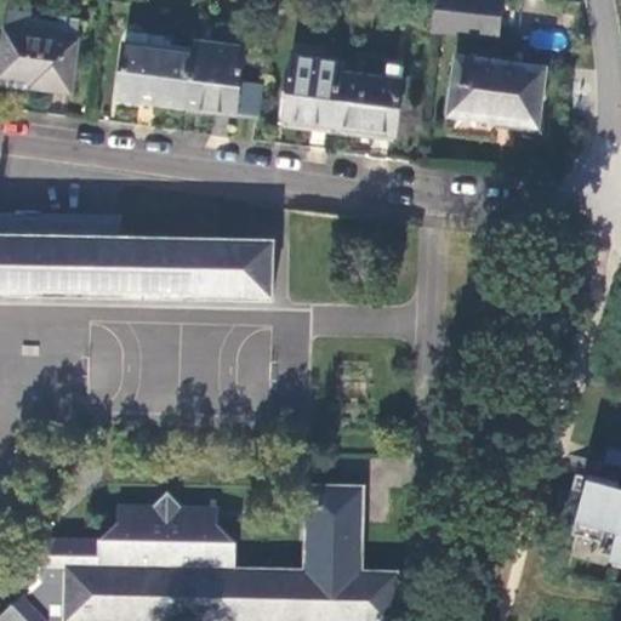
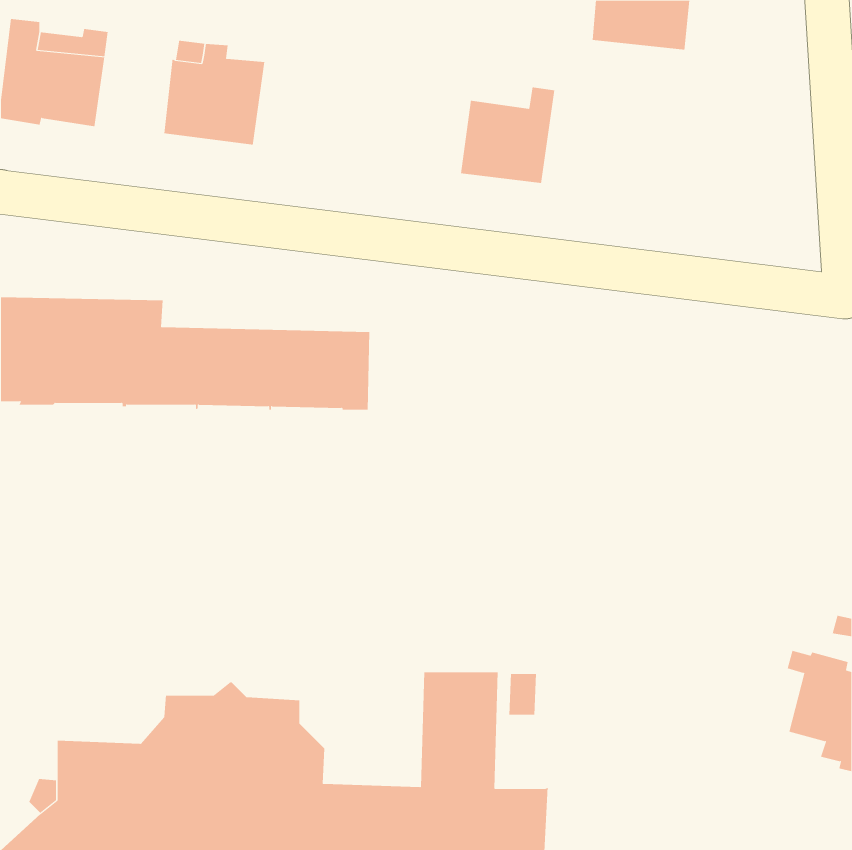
building: [184,41,244,114] -> none
building: [284,57,343,127] -> none
building: [450,58,542,126] -> none

